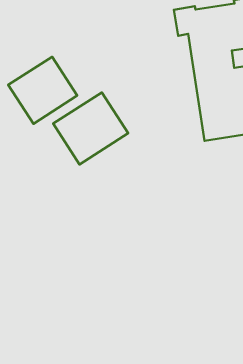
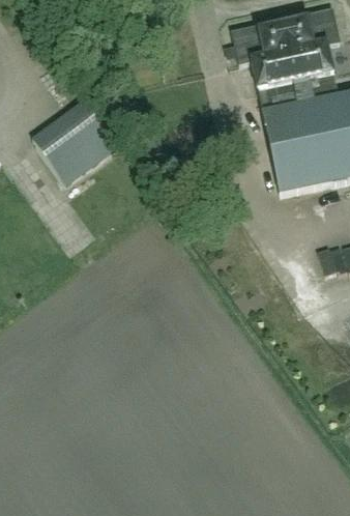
building: [53,93,128,164] -> none

